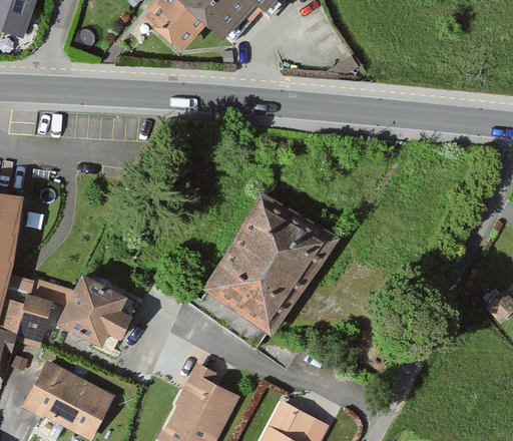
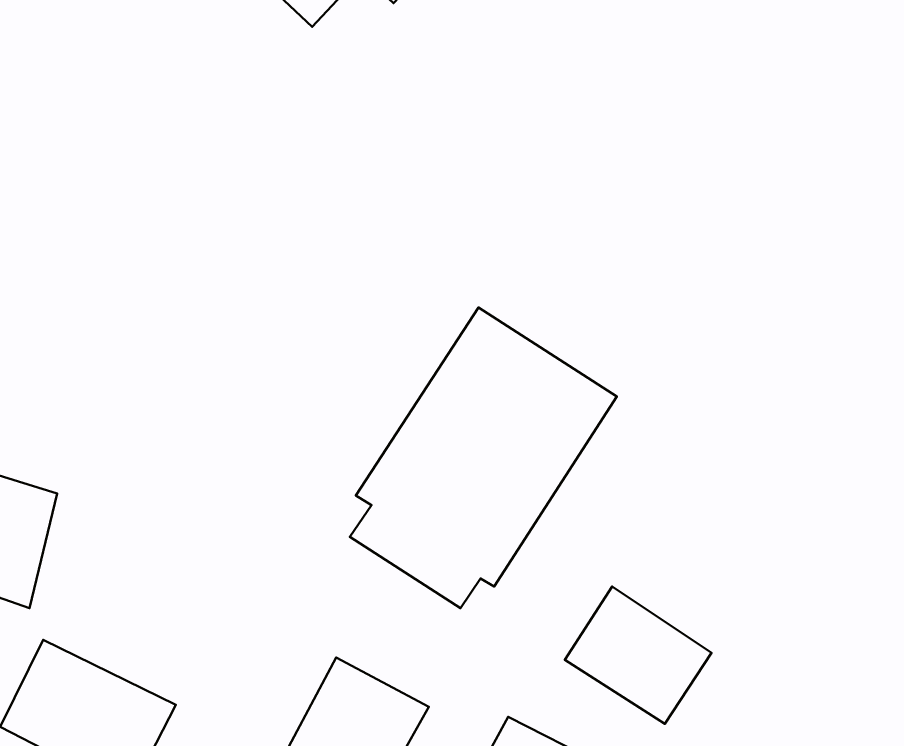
building: [58,274,130,343] -> none
building: none -> [565,586,712,724]

